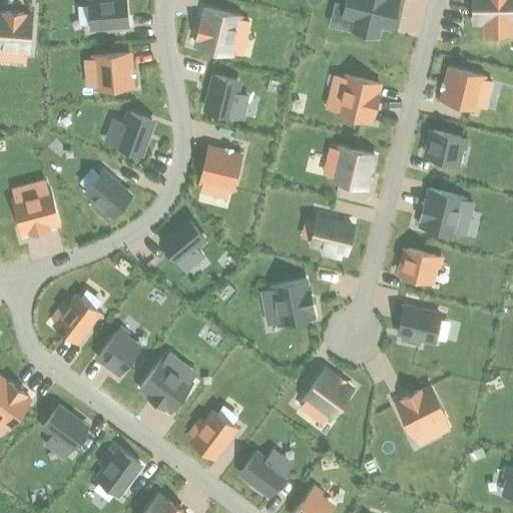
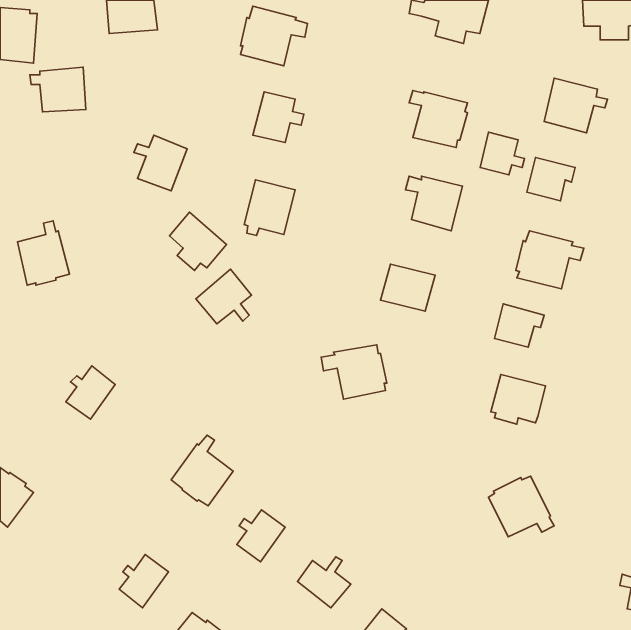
building: [86,54,131,90] -> [30,67,86,112]
building: none -> [480,132,524,175]
building: [85,171,131,218] -> [170,212,227,270]
building: [99,334,136,371] -> none
building: [301,369,353,421] -> none
building: [44,409,85,452] -> none

